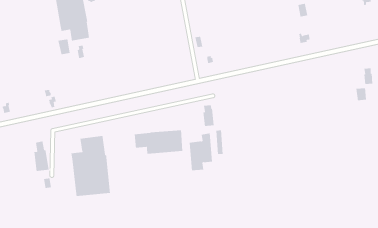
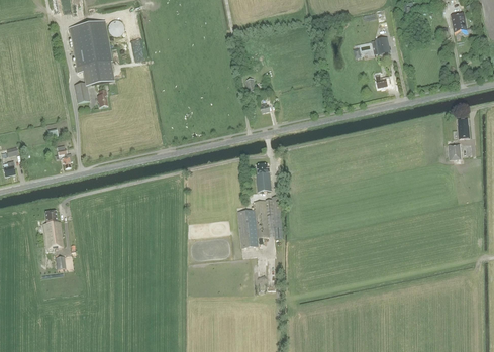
building: [134,130,183,154] -> none
building: [71,135,110,197] -> none

